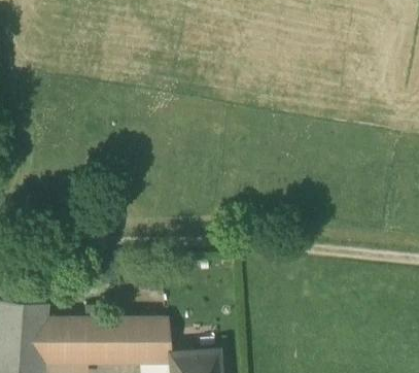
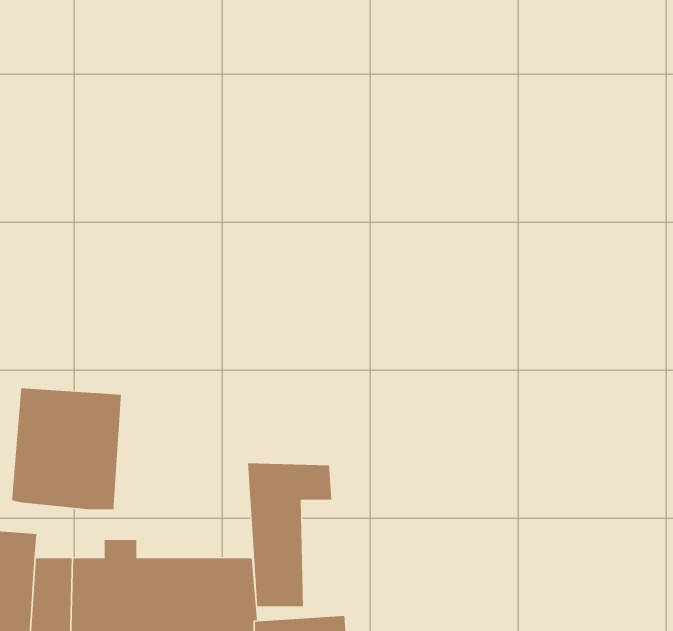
building: none -> [11,387,122,510]
building: none -> [247,462,332,607]

